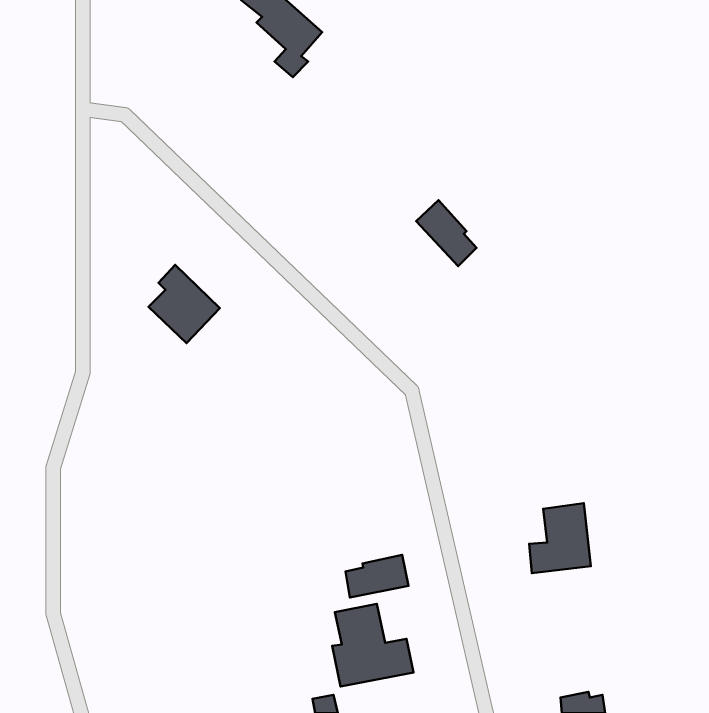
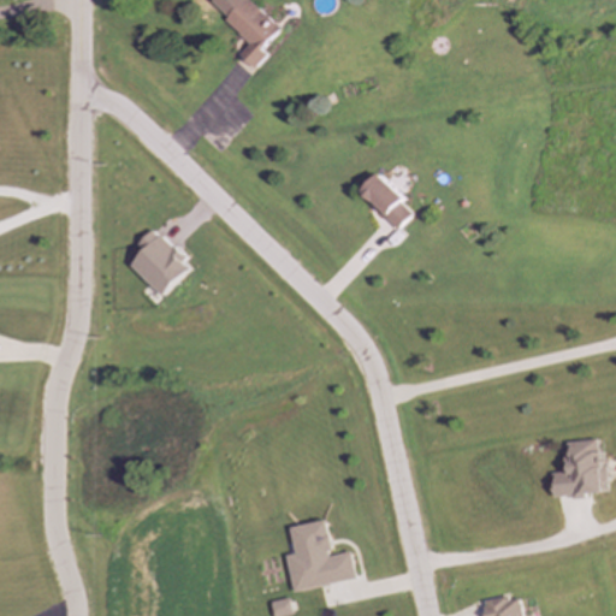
building: [529,503,591,573] -> [550,437,603,497]
building: [345,555,408,597] -> none

